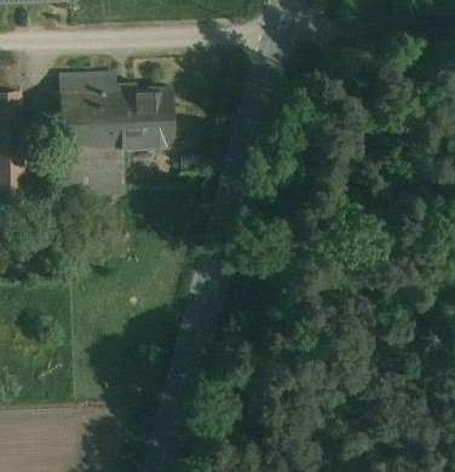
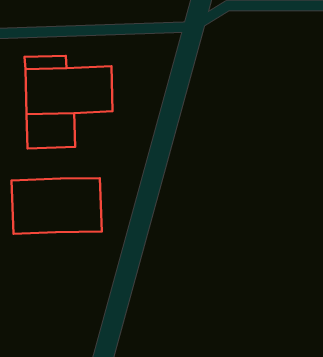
building: none -> [11,178,102,234]

